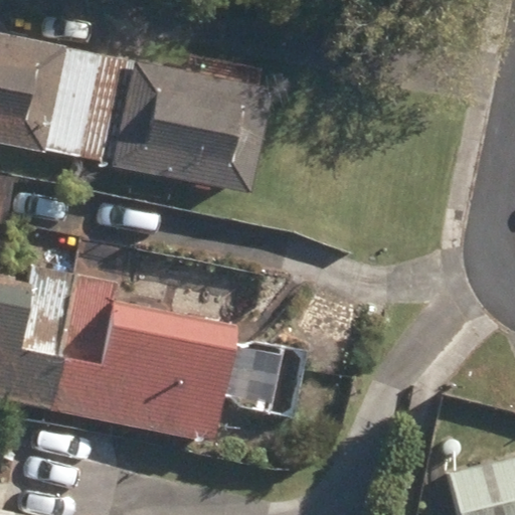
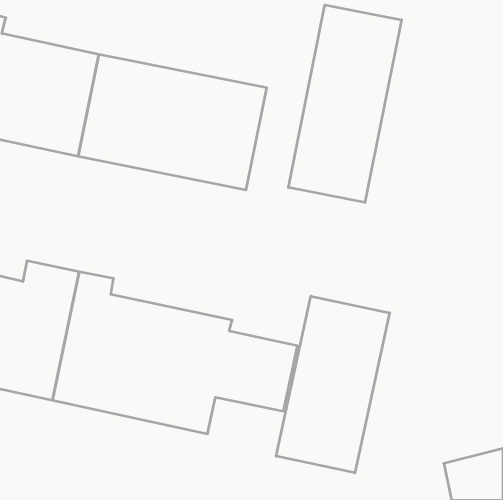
building: none -> [288,5,402,203]
building: none -> [276,296,390,473]

